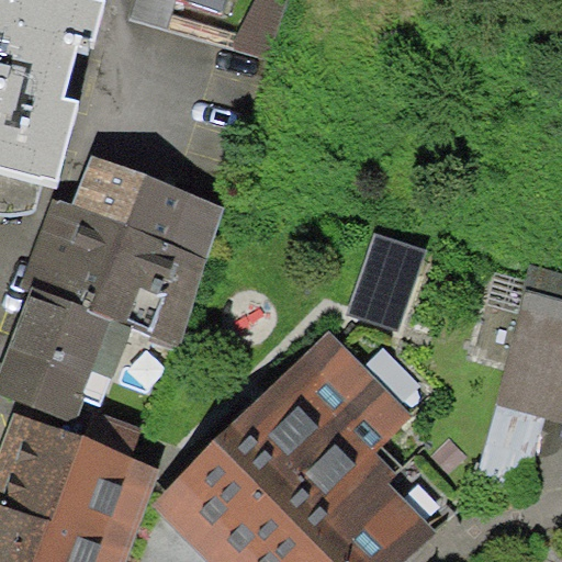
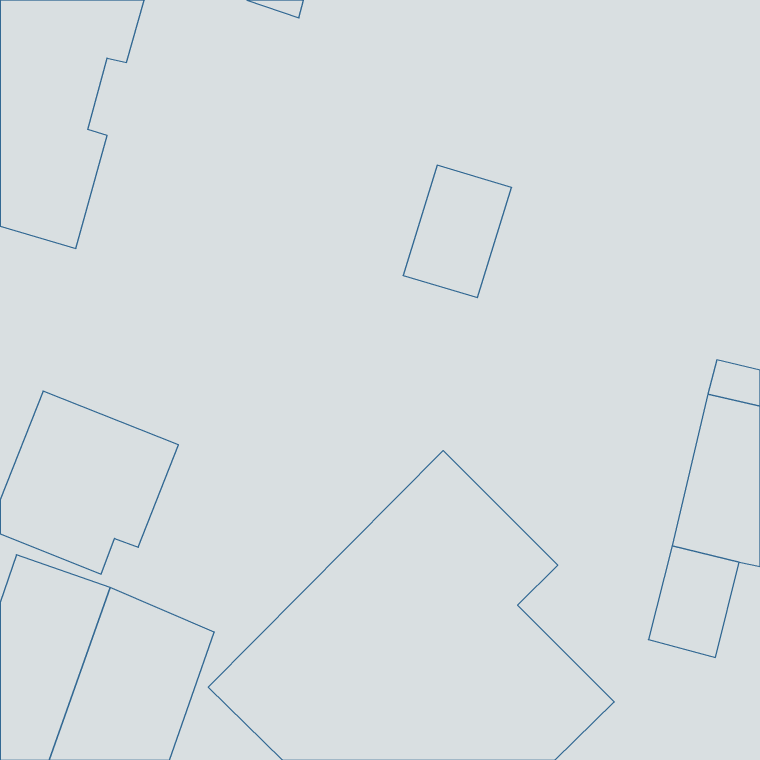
building: [19,154,228,346] -> none
building: [347,233,427,330] -> [403,165,512,298]

